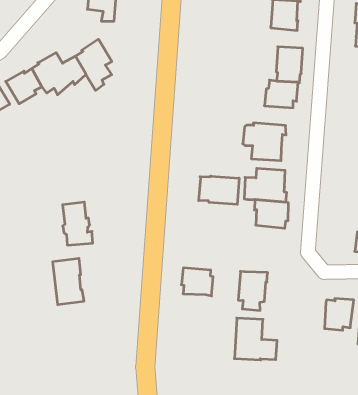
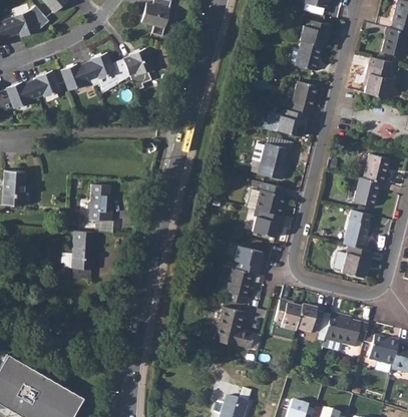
building: [199,176,239,204] -> none
building: [181,268,213,296] -> [237,246,265,274]
building: none -> [274,299,301,331]

